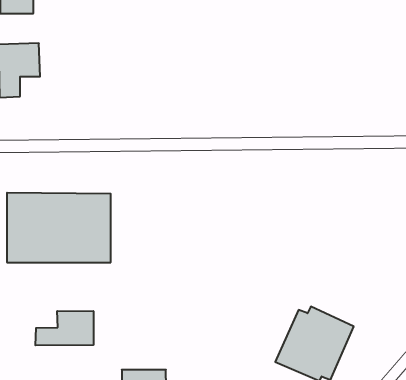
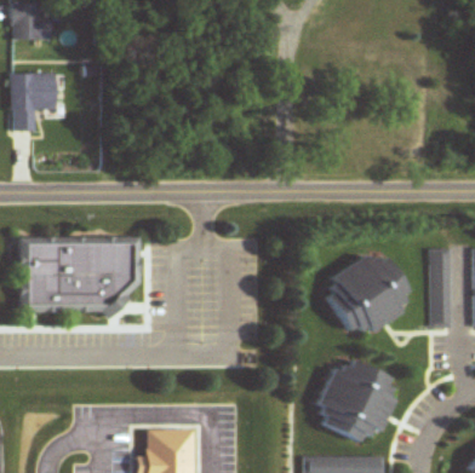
building: none -> [431,247,452,325]
building: none -> [324,253,408,338]
building: [35,311,93,345] -> none

